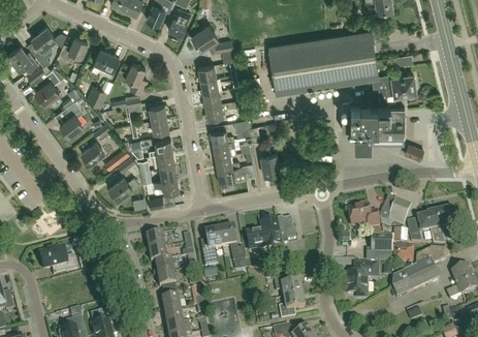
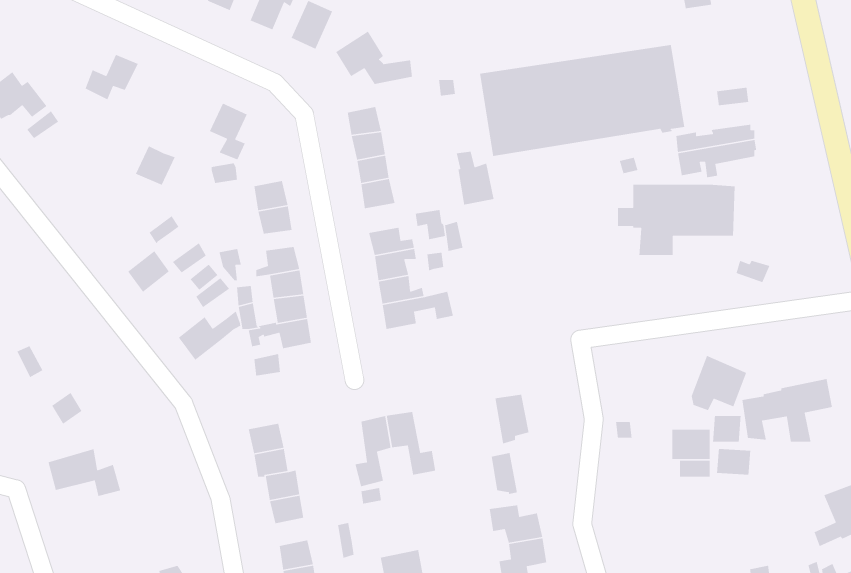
building: [32,27,56,67] -> none
building: [94,49,119,74] -> none
building: [35,70,60,104] -> none
building: [60,101,84,136] -> none
building: [260,147,281,176] -> [456,151,495,205]
building: [348,203,379,227] -> none
building: [246,220,281,250] -> none
building: [392,248,450,298] -> none
building: [347,265,378,298] -> none

